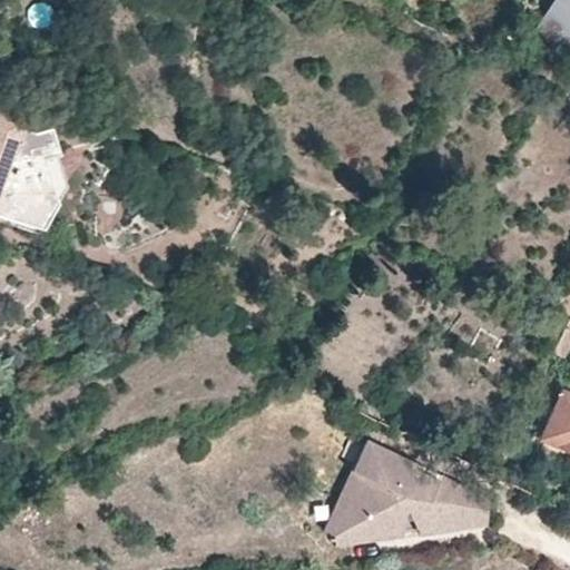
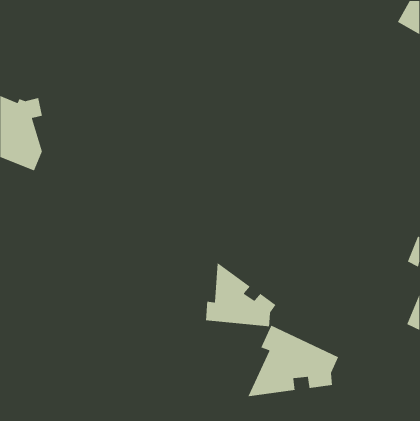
building: none -> [205,262,277,327]
building: [334,482,492,548] -> none

